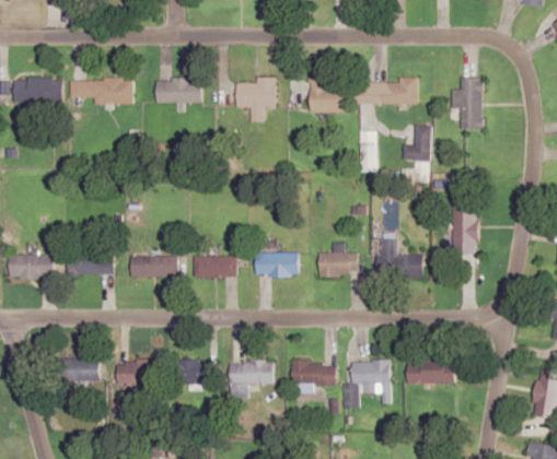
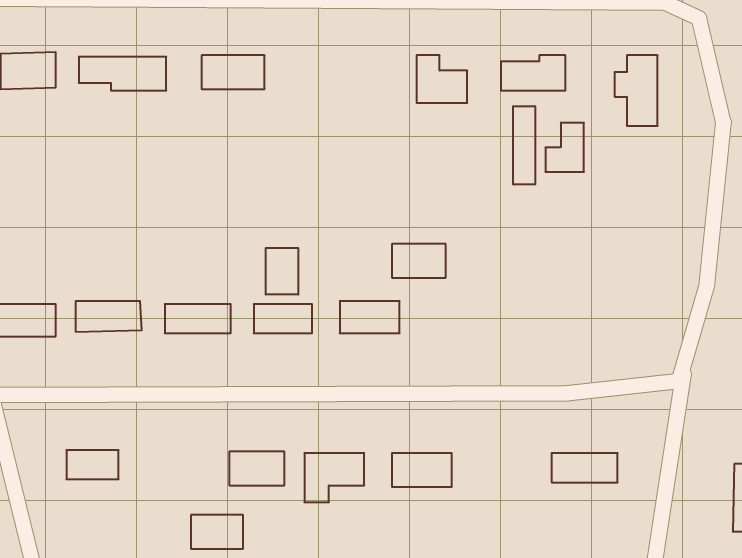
building: [235,78,275,122] -> none
building: none -> [513,106,535,185]
building: [452,205,476,255] -> none
building: none -> [266,248,298,295]
building: [380,240,422,276] -> none
building: [318,252,357,276] -> [392,244,446,278]
building: [116,361,153,385] -> [191,515,243,549]
building: [344,361,390,409] -> none

